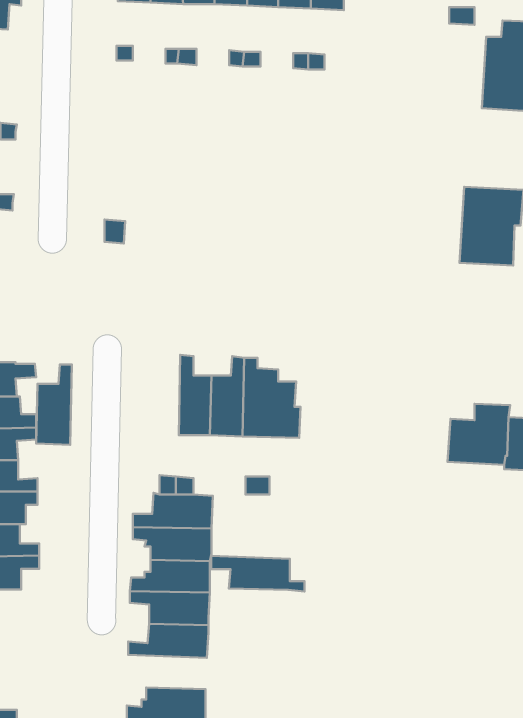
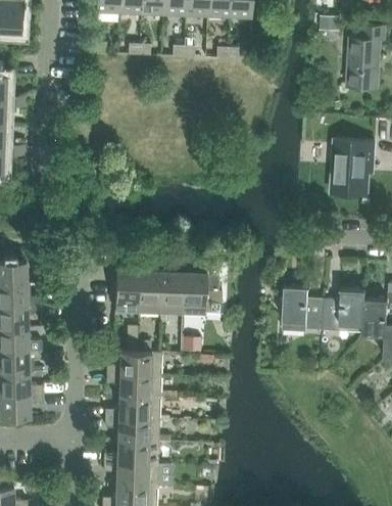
building: [36,365,72,445] -> [114,256,139,311]
building: none -> [282,285,325,330]
building: [211,556,305,591] -> [103,462,167,487]

